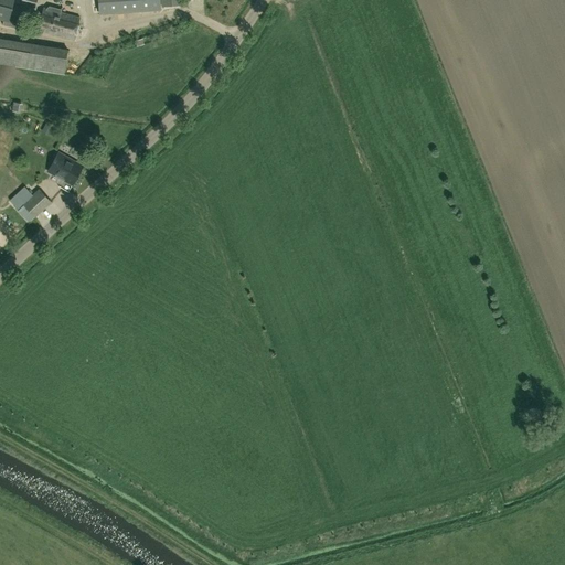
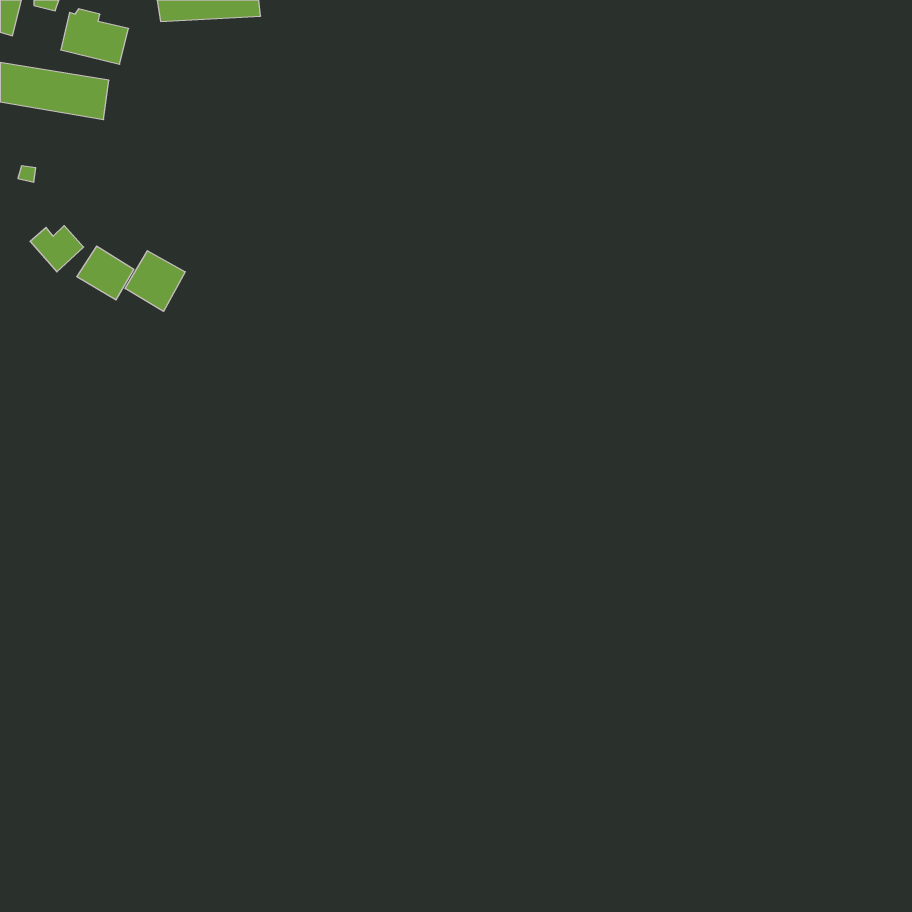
building: none -> [125,251,185,311]
building: [19,189,52,217] -> [30,226,84,272]

